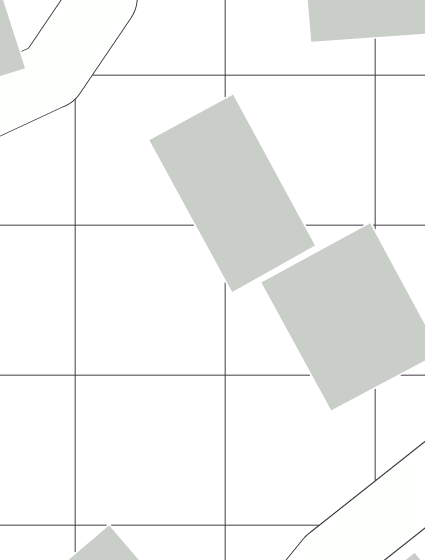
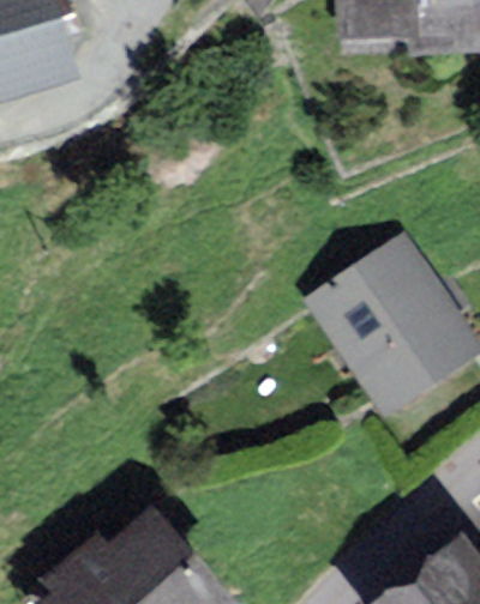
building: [148,93,316,293] -> none

